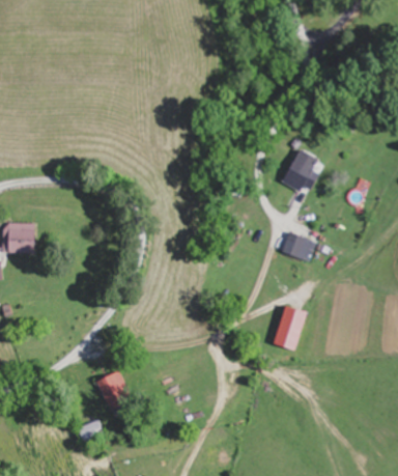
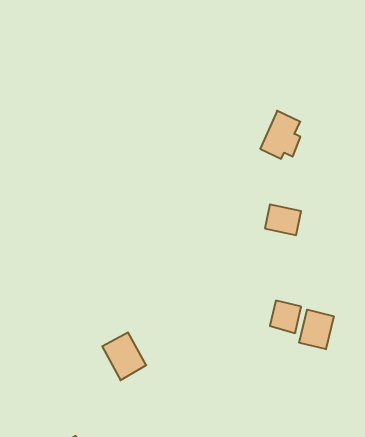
building: none -> [299,310,334,349]
building: [96,371,134,413] -> [102,332,146,380]

